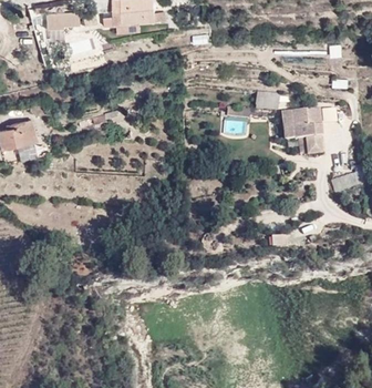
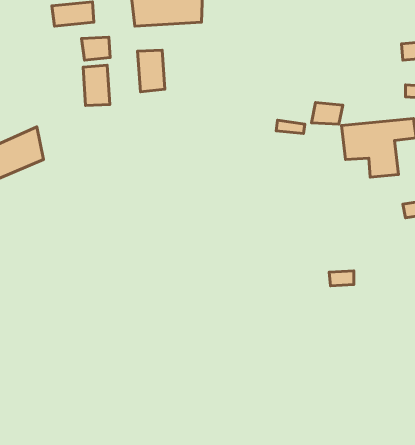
building: none -> [137,50,165,92]
building: none -> [83,65,110,106]

